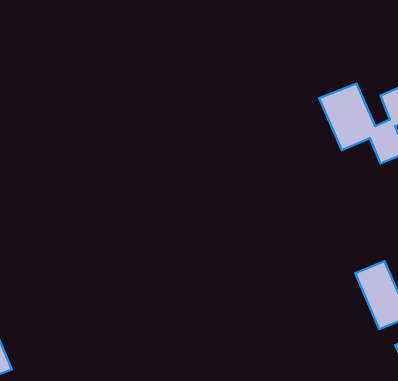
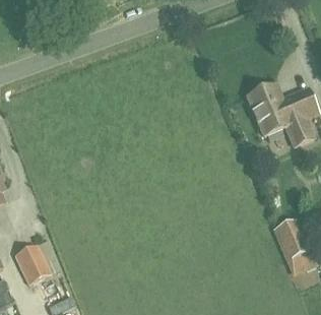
building: none -> [14,244,51,284]

